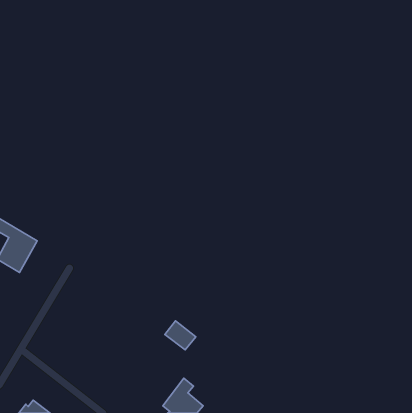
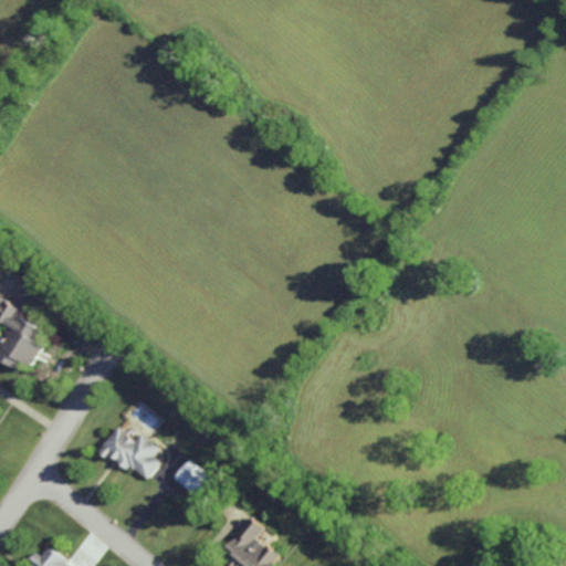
building: none -> [96,427,159,481]
building: [165,321,196,350] -> [172,460,214,500]

